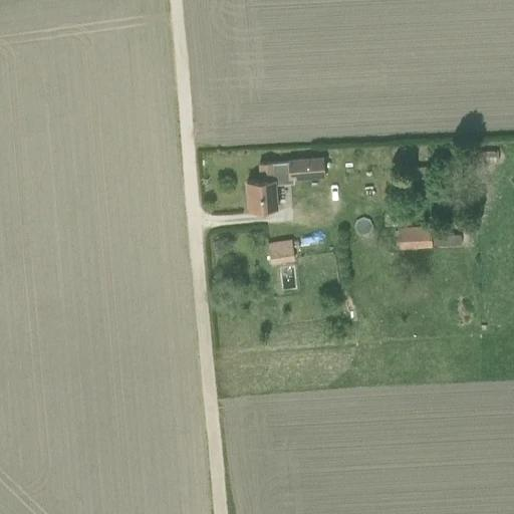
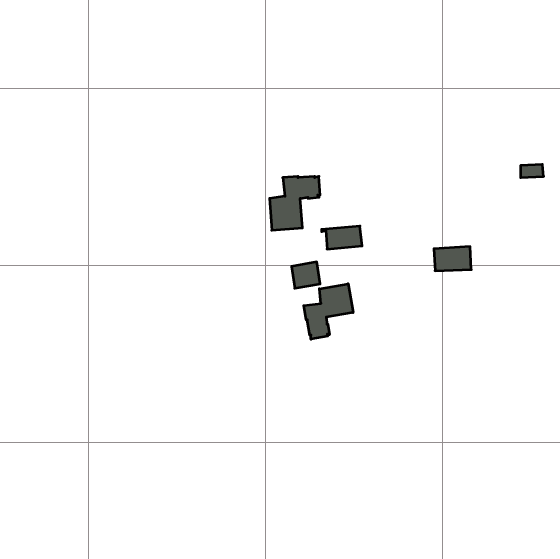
building: [288,159,325,180] -> [322,226,362,249]
building: none -> [304,284,353,339]

